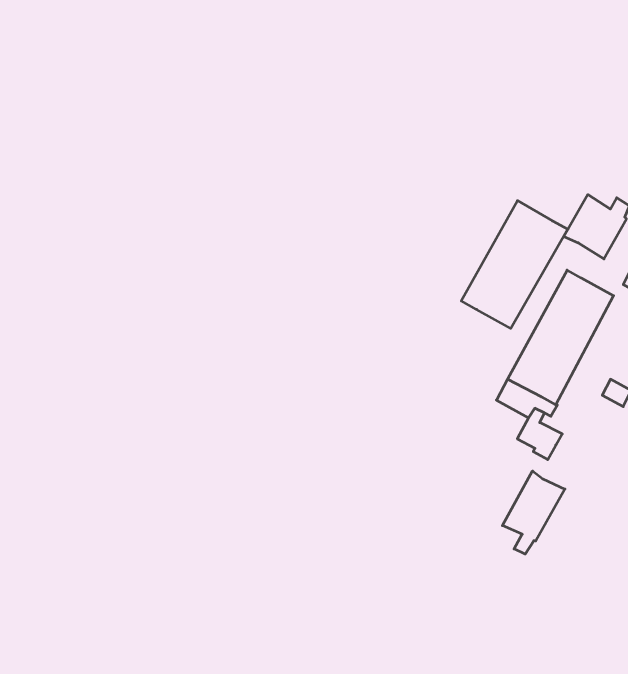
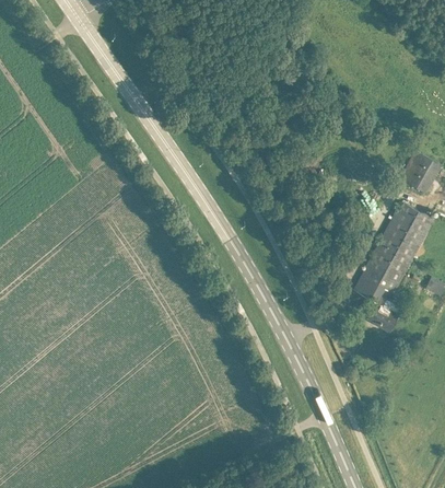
building: [461,201,568,328] -> none
building: [502,471,565,554] -> none

